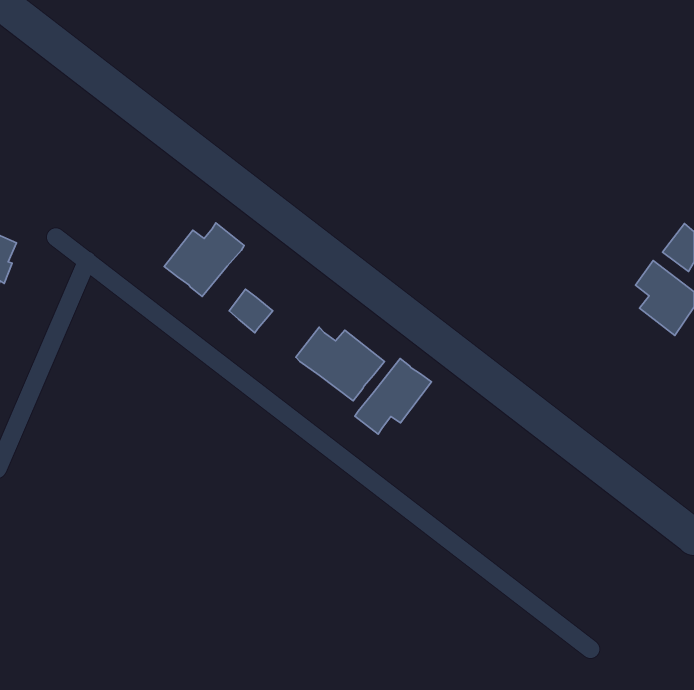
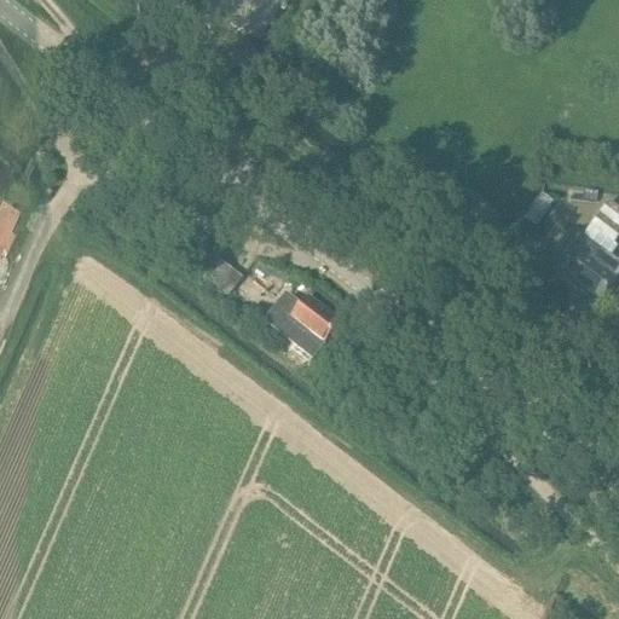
building: [164,223,244,297] -> none
building: [355,358,431,434] -> none

